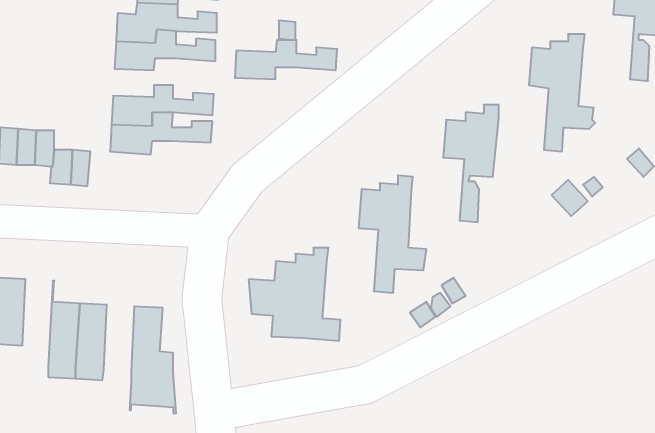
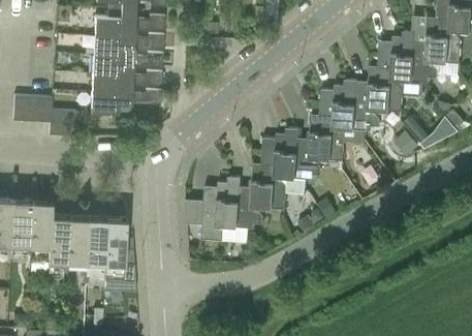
building: none -> [412,17,459,82]
building: [235,40,337,79] -> [93,48,163,74]
building: none -> [353,65,391,130]
building: none -> [295,115,334,180]
building: none -> [237,163,275,228]
building: none -> [30,200,52,259]
building: none -> [86,217,107,270]

